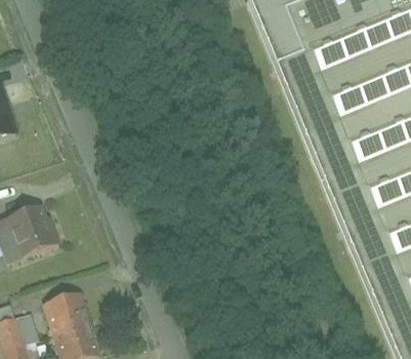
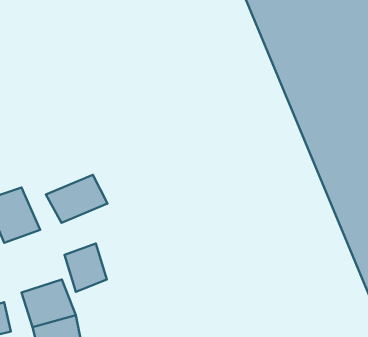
building: none -> [46,175,107,223]
building: none -> [64,243,107,292]

